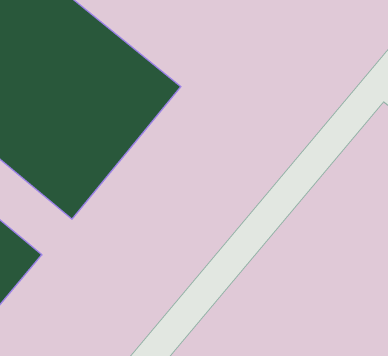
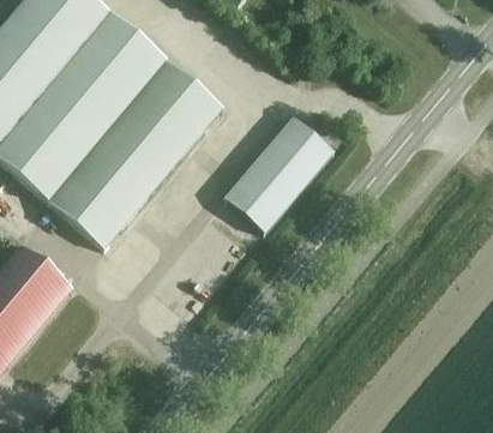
building: none -> [227,115,333,229]

